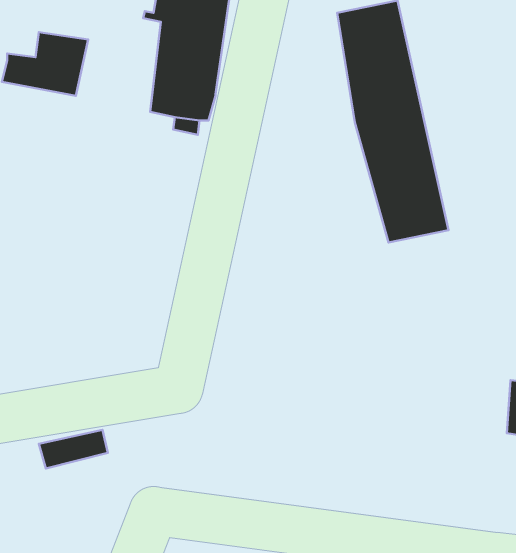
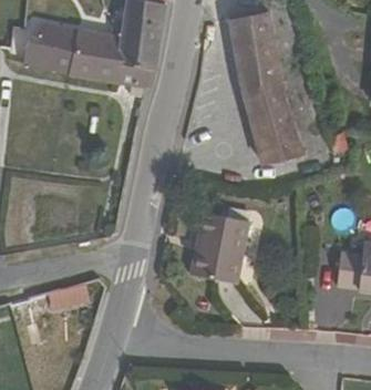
building: none -> [23,23,120,83]
building: none -> [189,213,248,284]

